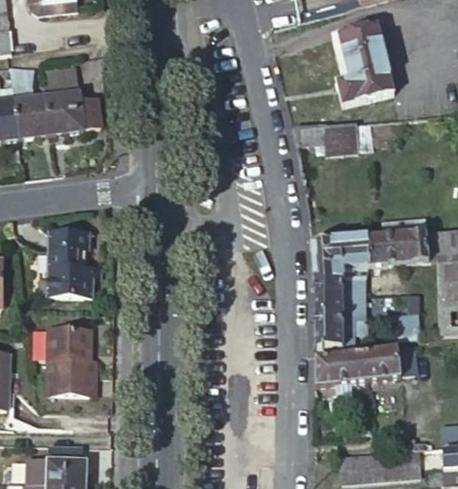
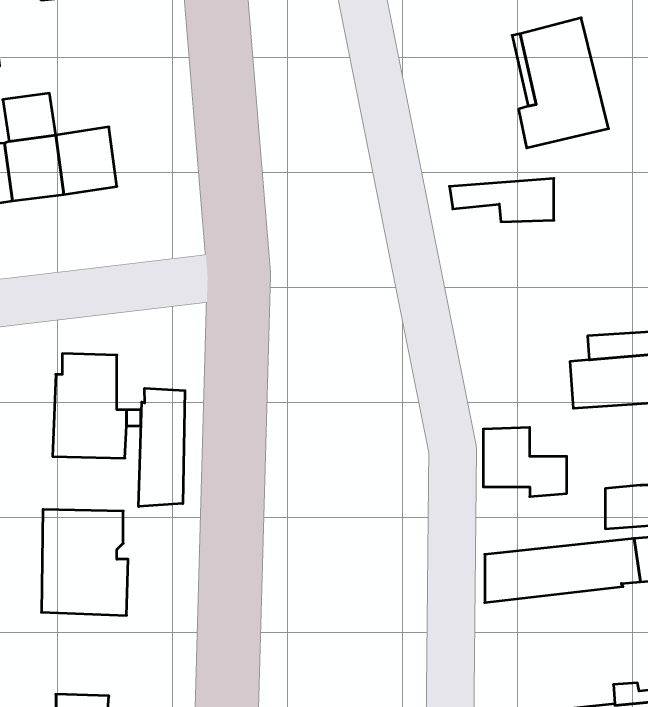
building: [311,236,370,278] -> none
building: none -> [139,388,185,507]
building: [314,314,366,348] -> none

